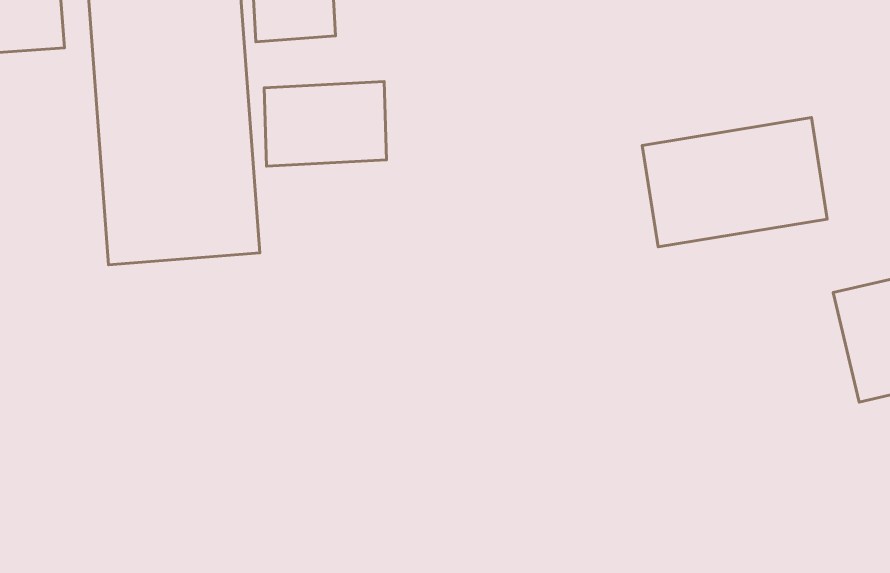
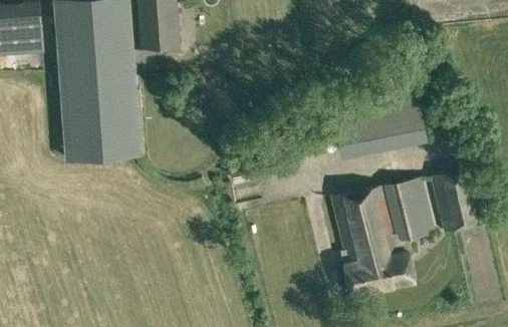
building: [264,81,387,166] -> none
building: none -> [330,179,435,299]

